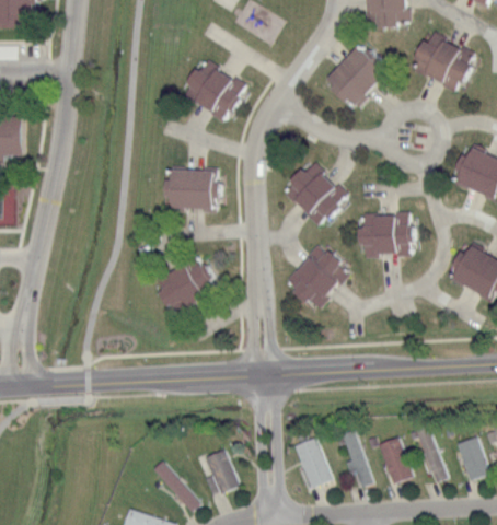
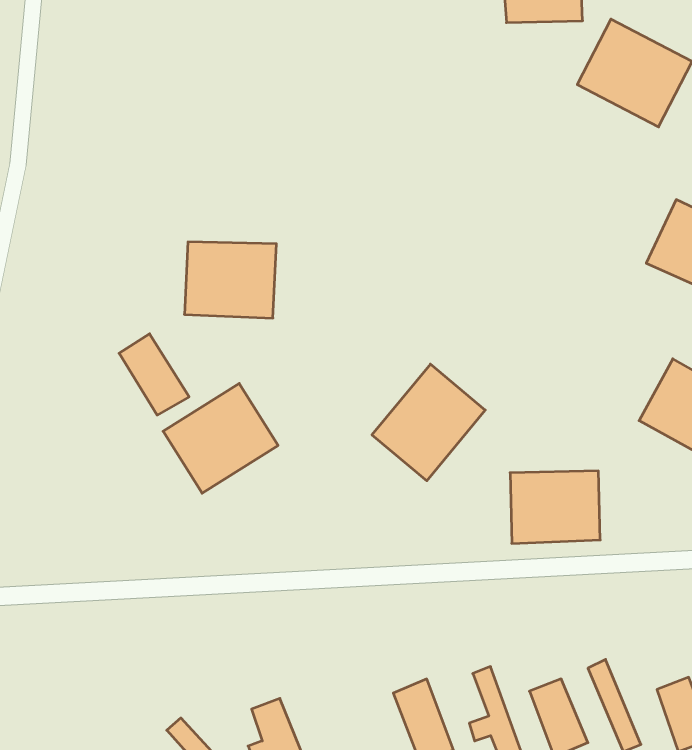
building: [324,43,392,112] -> none
building: [177,55,250,122] -> none
building: [279,158,349,228] -> none
building: [358,212,414,257] -> [510,471,600,543]
building: none -> [119,334,189,415]

